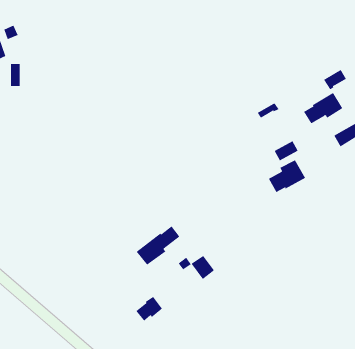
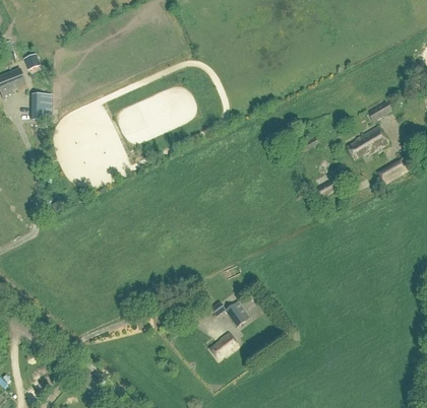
building: [268,160,306,193] -> none
building: [136,225,180,266] -> none
building: [135,296,163,322] -> [209,332,239,359]

